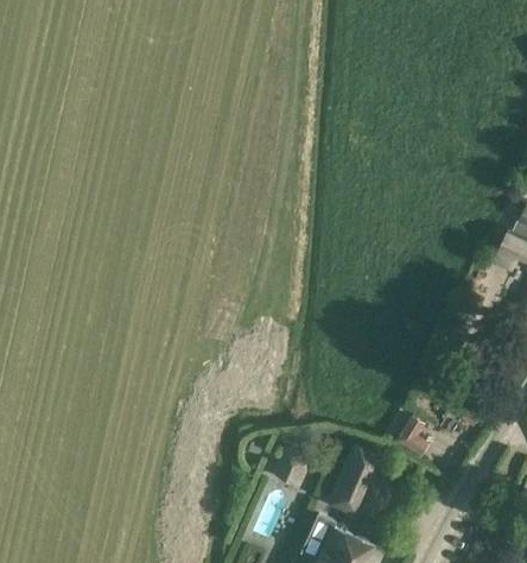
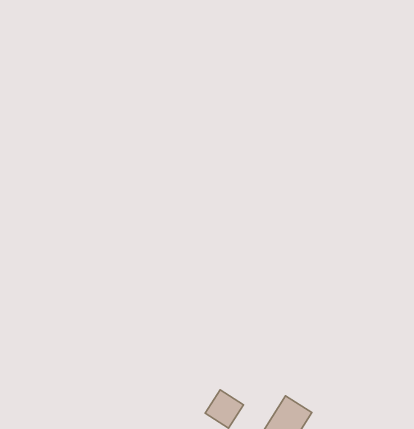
building: [395,416,431,458] -> none

